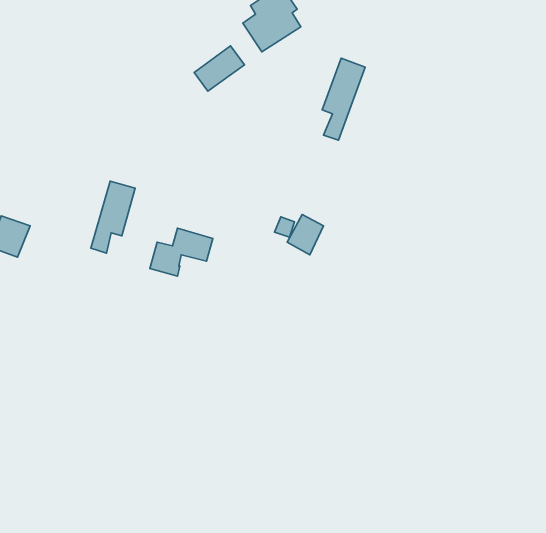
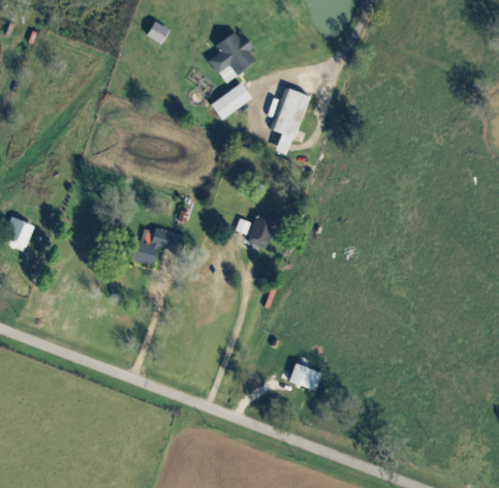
building: [194,46,244,91] -> [211,83,252,120]
building: [91,181,135,253] -> none
building: none -> [288,363,320,389]

